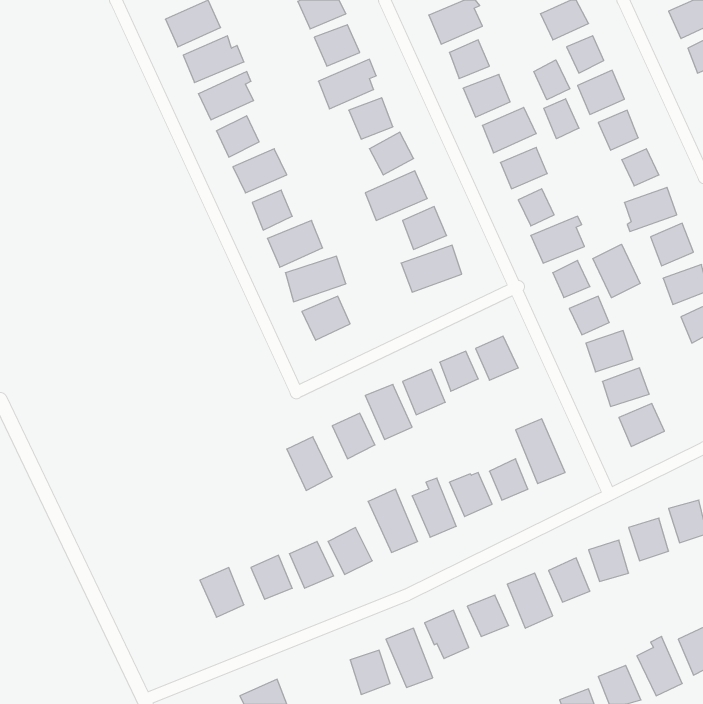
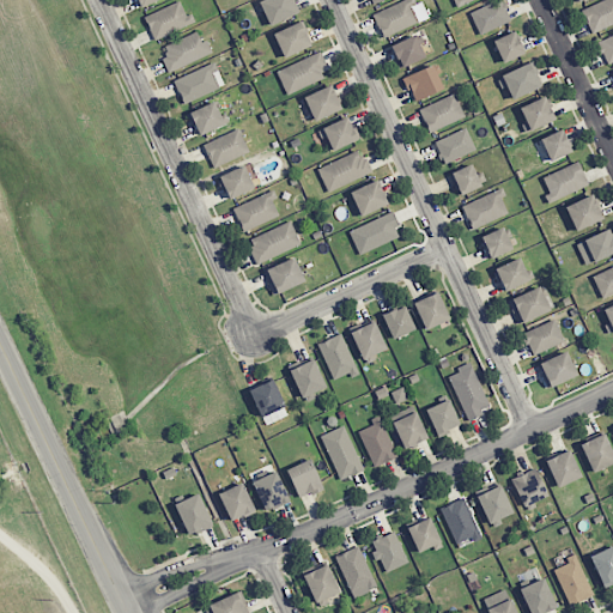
building: [534,60,570,100] -> none
building: [544,99,579,139] -> none
building: [593,244,640,298] -> none

